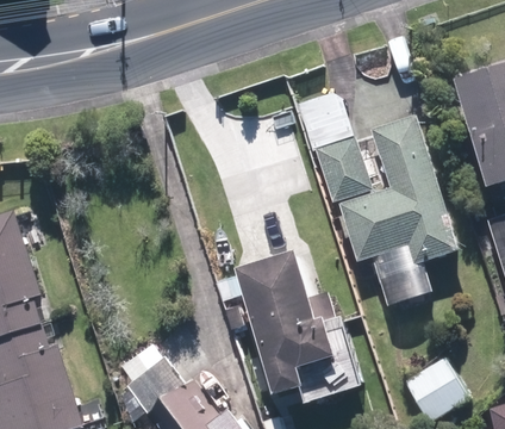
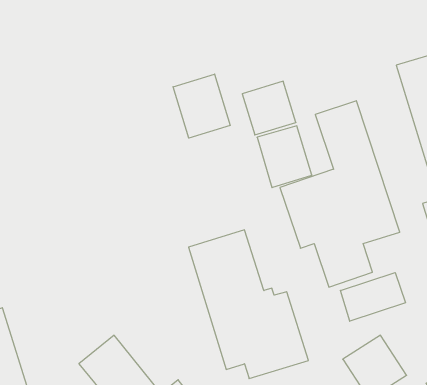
building: none -> [173,74,230,138]
building: none -> [340,273,405,321]

